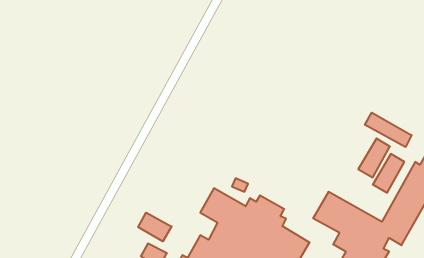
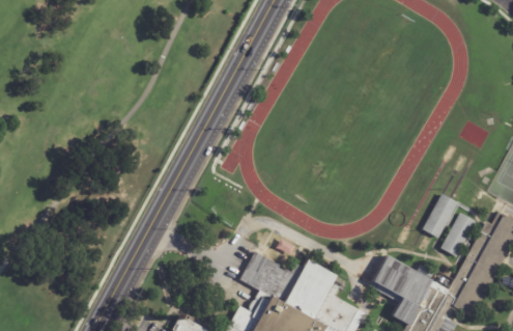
building: [365,113,412,147] -> none
building: [138,213,172,241] -> none

